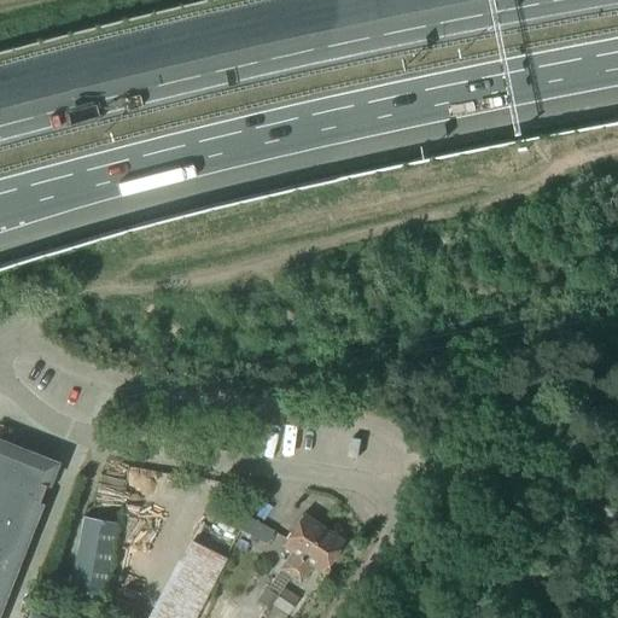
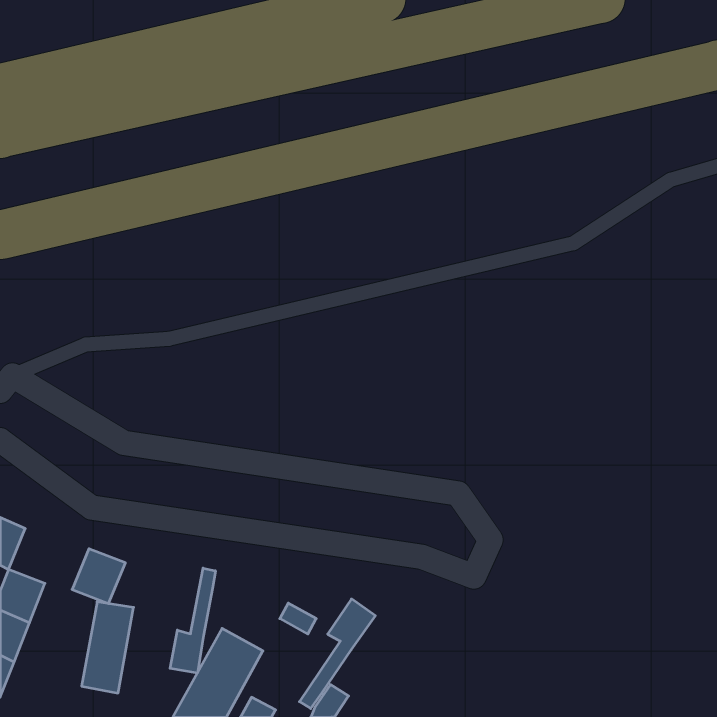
building: [8,454,54,501] -> [72,549,125,604]
building: none -> [170,568,215,673]
building: [291,529,343,583] -> none

